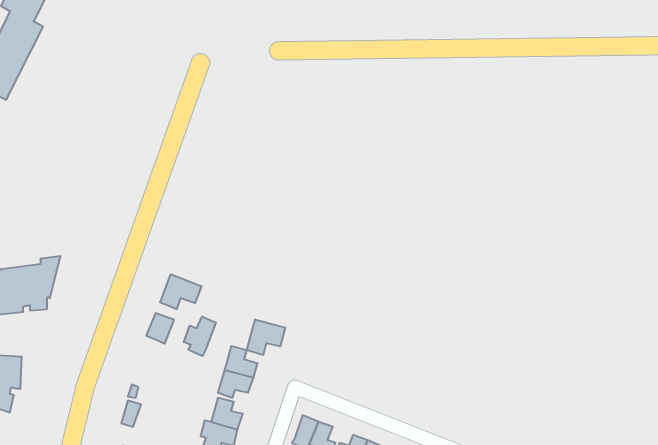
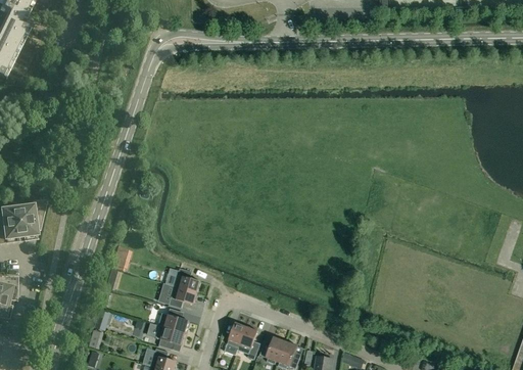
building: [160,274,201,309] -> none
building: [184,316,216,356] -> none
building: [247,319,285,355] -> none

